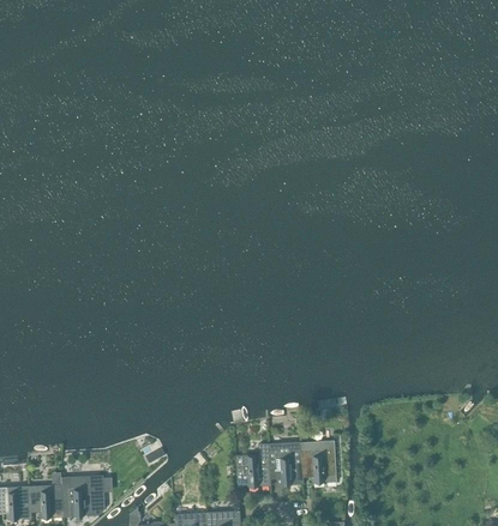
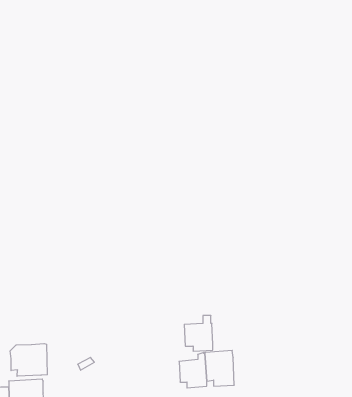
building: none -> [10,344,47,376]
building: [235,443,270,486] -> [184,316,213,351]

